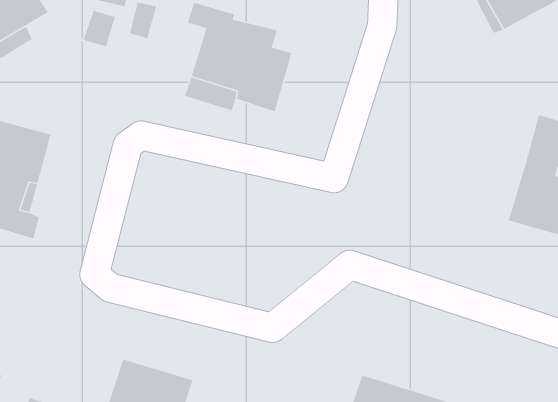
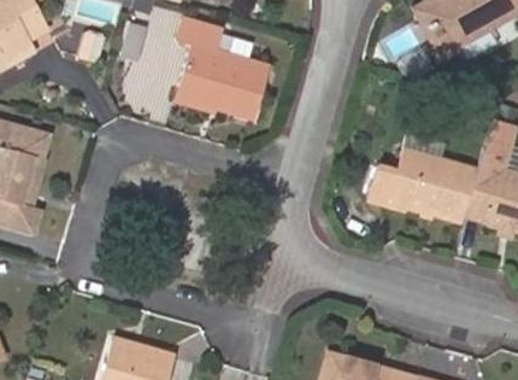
building: none -> [367,152,472,222]

